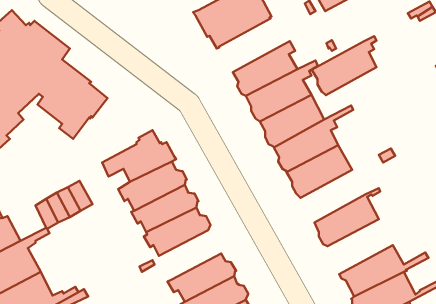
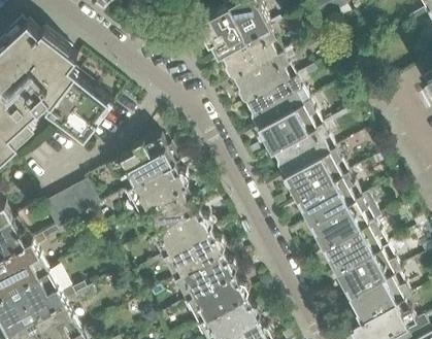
building: [312,36,376,95] -> [221,28,283,84]
building: none -> [299,178,361,229]
building: none -> [325,226,388,278]
building: none -> [160,236,225,283]

